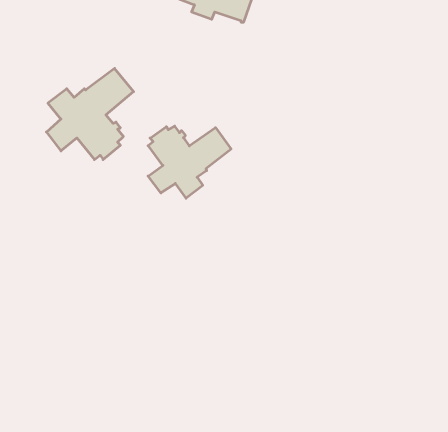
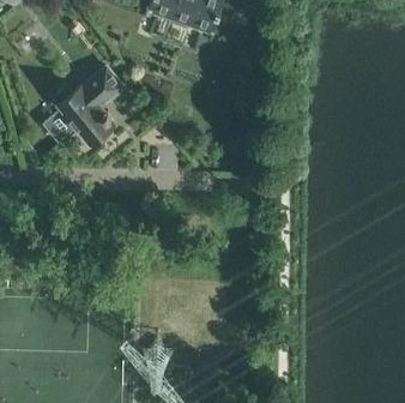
building: [148,126,231,198] -> none

